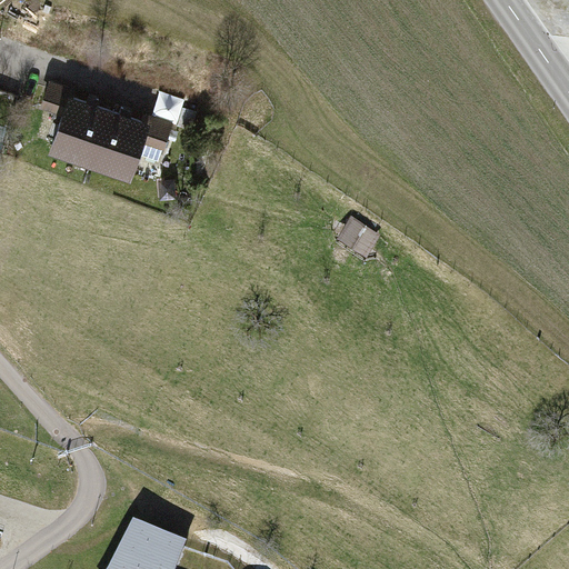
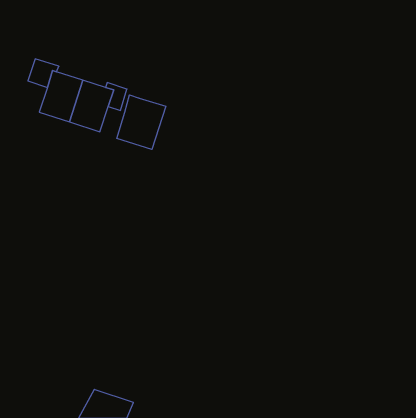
building: none -> [117,95,166,149]
building: [332,216,385,263] -> none

